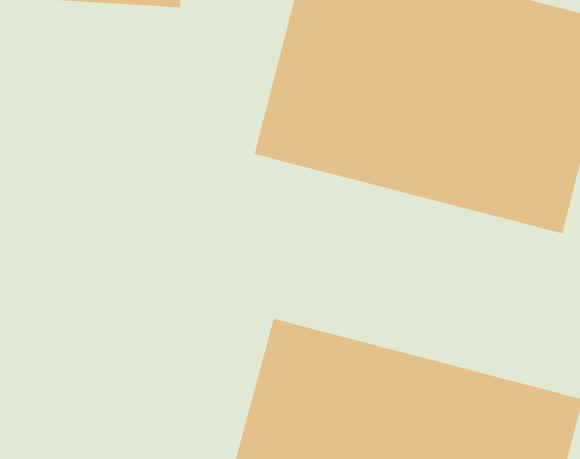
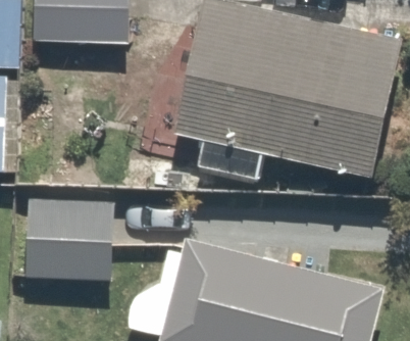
building: none -> [21,191,112,284]

